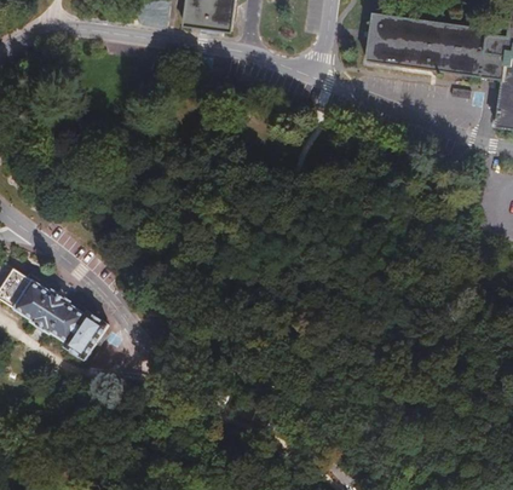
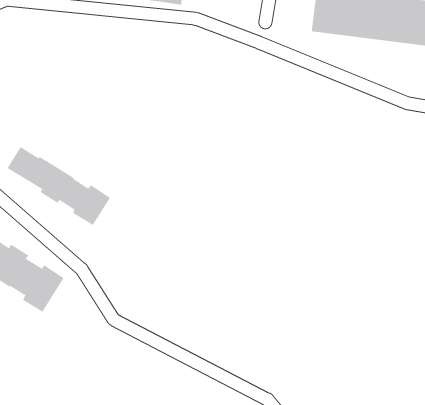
building: none -> [7,146,111,226]

